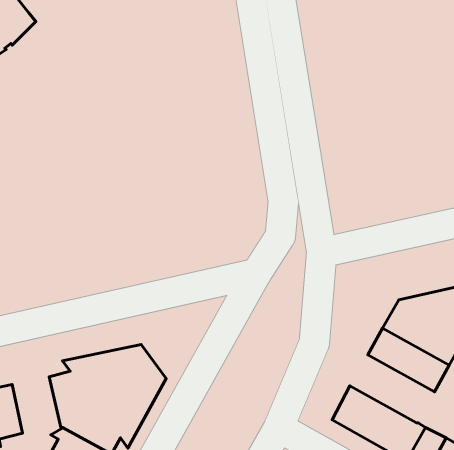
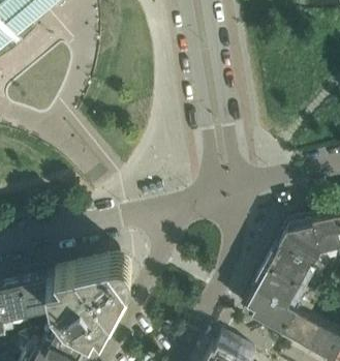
building: none -> [256,262,315,309]
building: none -> [21,277,55,318]

